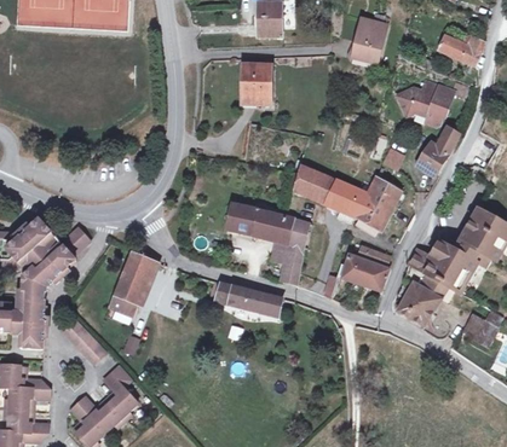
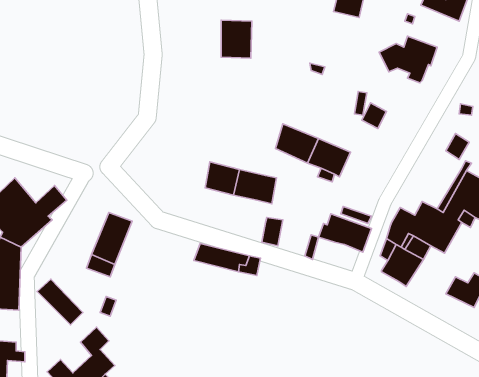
building: [415,127,457,175] -> none
building: [357,178,399,231] -> none
building: [271,219,309,262] -> none

